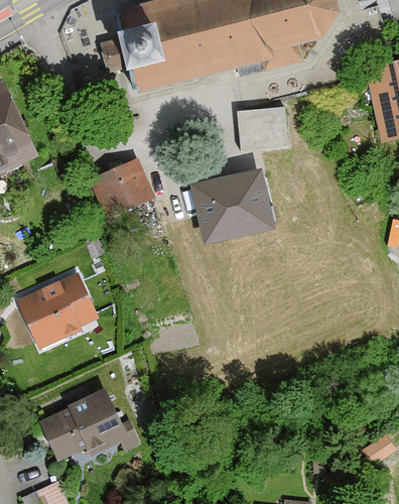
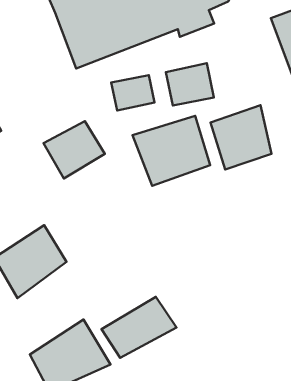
building: none -> [111,75,154,111]
building: none -> [211,105,272,169]
building: none -> [101,297,177,358]

